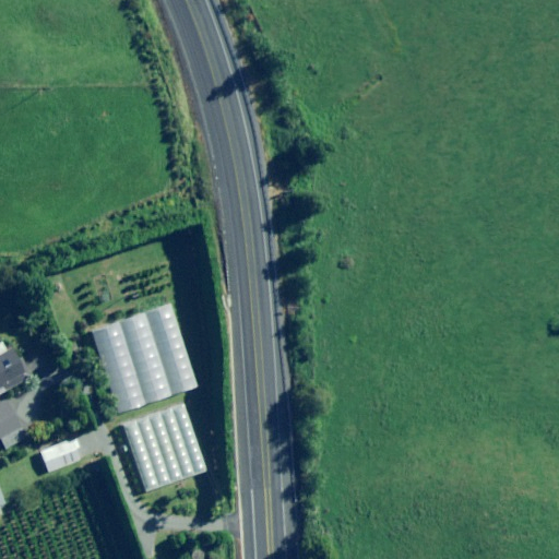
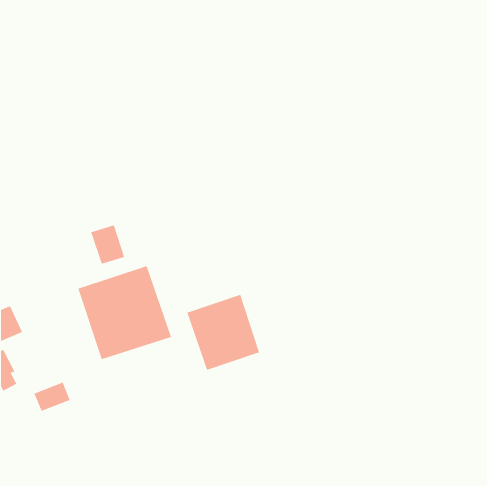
building: none -> [91,225,125,265]
building: [122,403,206,490] -> [186,294,260,371]

